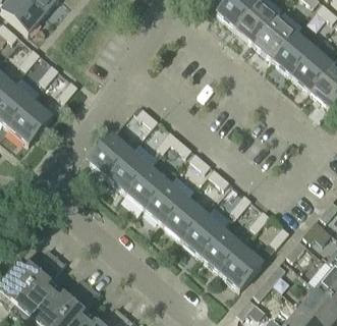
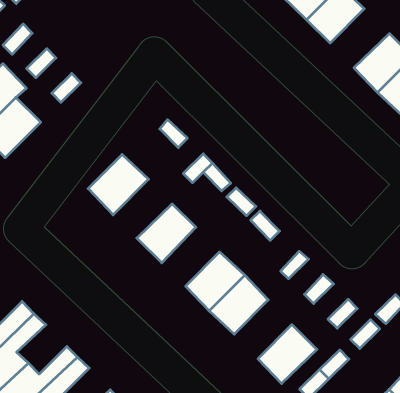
building: [255,15,296,58] -> none
building: [109,150,151,193] -> none
building: [147,181,187,224] -> none
building: [203,229,243,272] -> none

